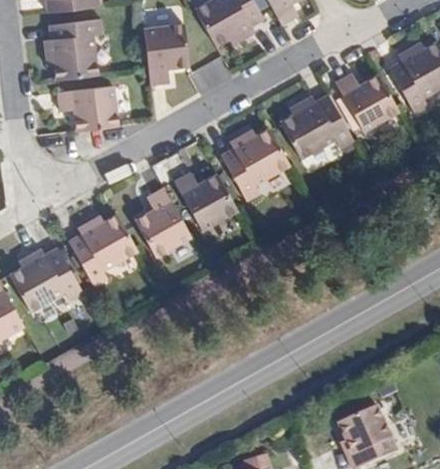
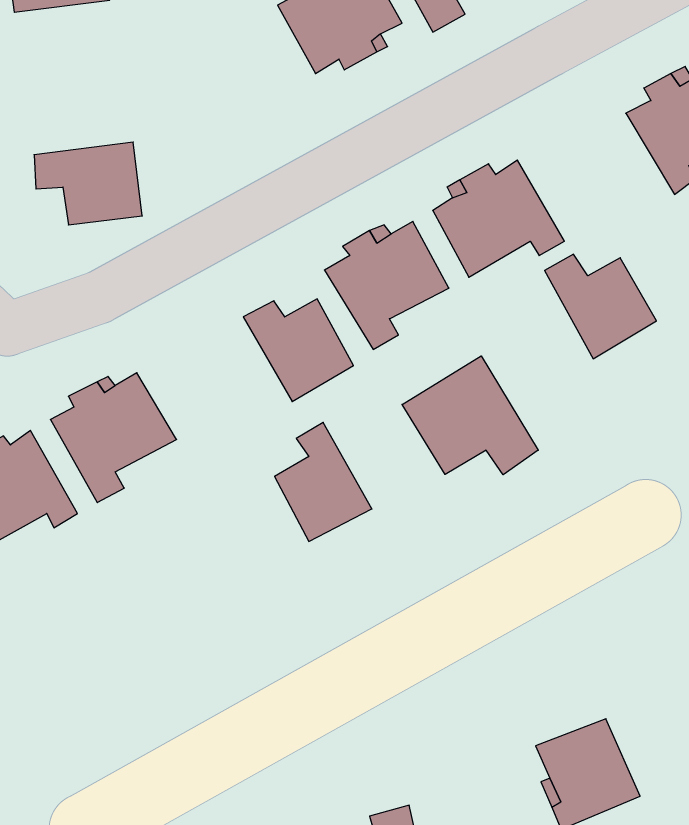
building: [44,18,104,79] -> none
building: [143,23,188,85] -> none
building: [340,79,402,138] -> [545,254,656,359]
building: [136,188,190,254] -> [275,422,372,541]
building: none -> [402,356,538,475]

